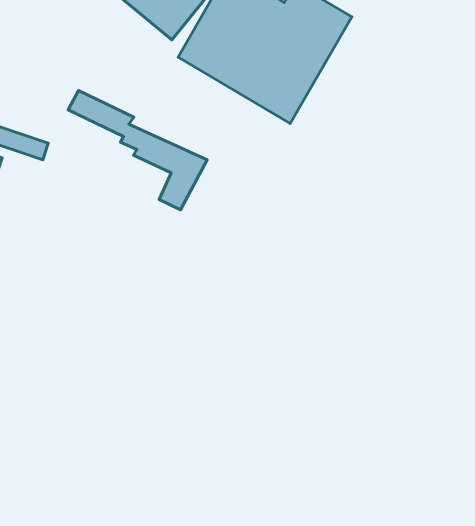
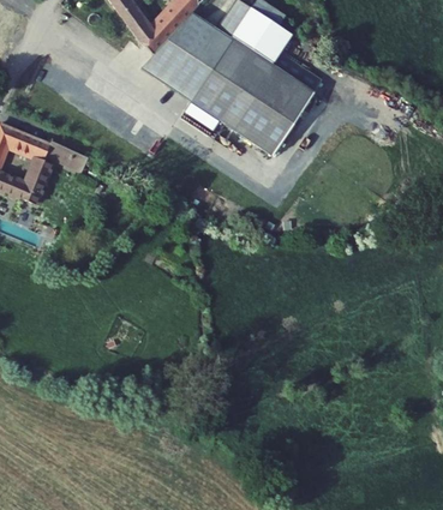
building: [68,90,207,210] -> none

